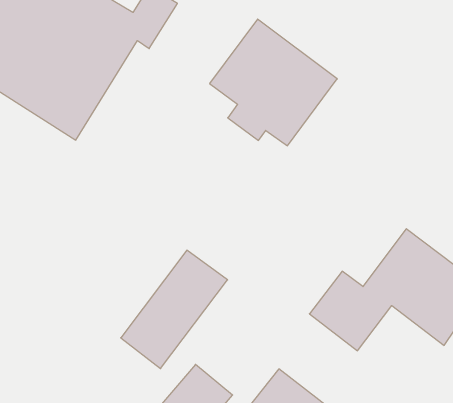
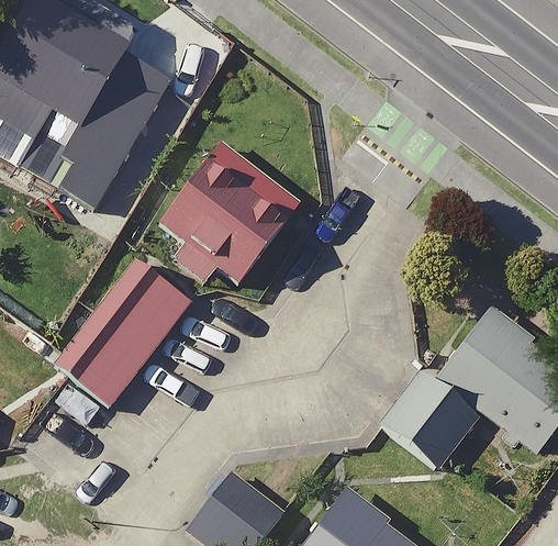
building: [210,19,337,146] -> [150,140,305,293]
building: [121,250,228,369] -> [58,258,188,402]

